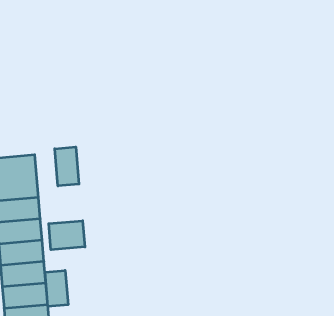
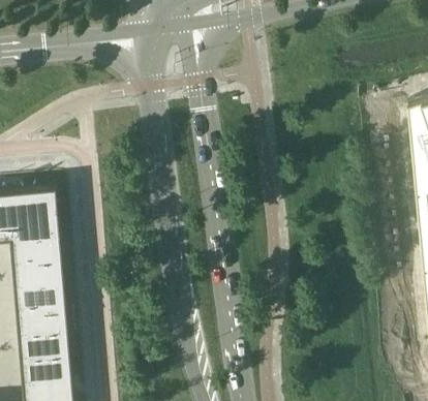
building: [55,147,79,186] -> none
building: [49,221,85,250] -> none
building: [45,270,68,306] -> none

